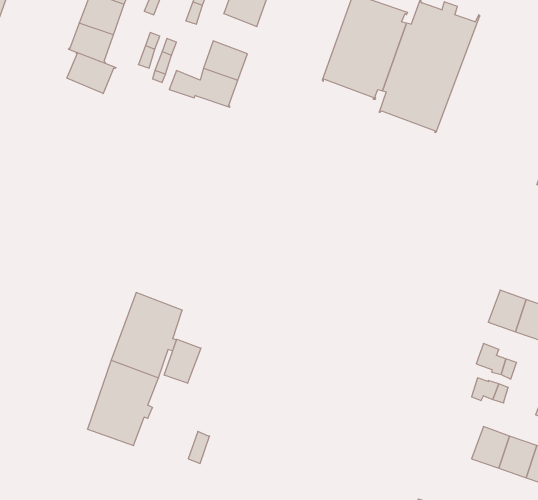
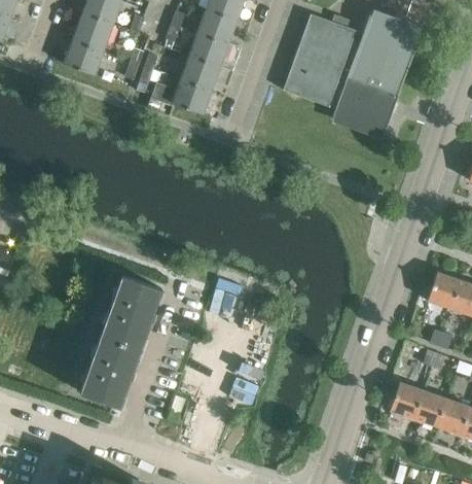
building: none -> [189,32,227,67]
building: [67,52,116,94] -> none
building: [164,339,201,383] -> none
building: none -> [390,382,424,418]

